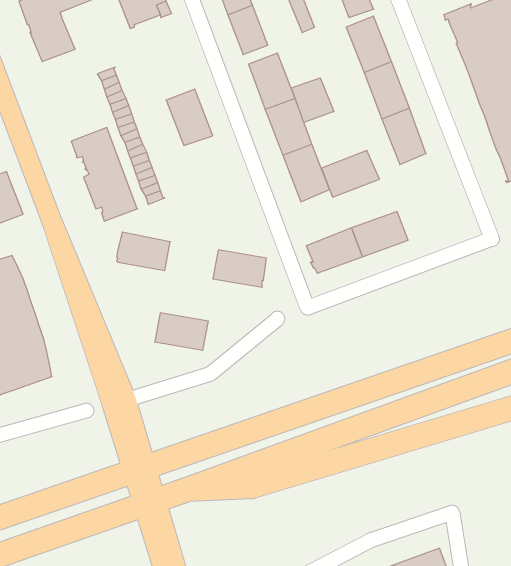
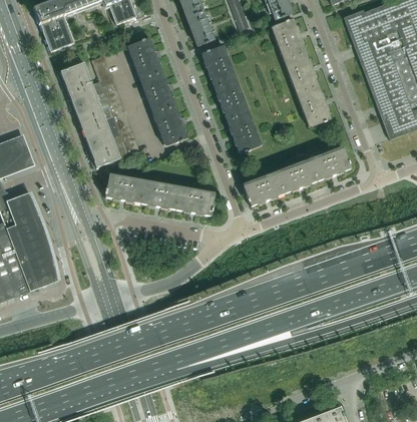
building: none -> [129,38,162,79]
building: none -> [57,62,98,109]
building: [291,78,334,122] -> none
building: none -> [154,105,187,146]
building: [322,150,379,197] -> [310,147,352,181]
building: [155,313,208,350] -> [140,182,179,209]

